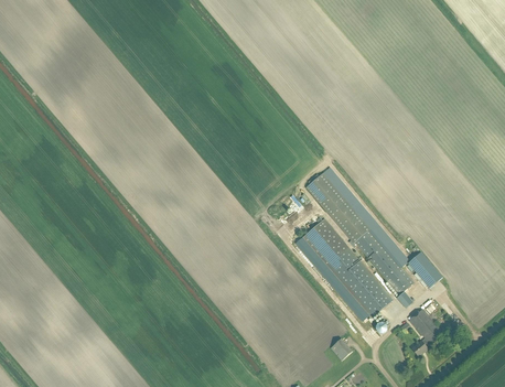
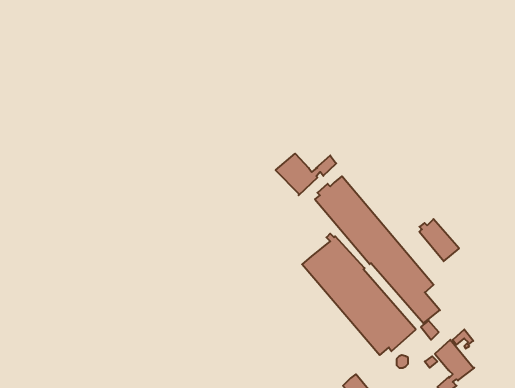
building: none -> [276,154,336,195]
building: [408,251,442,288] -> [419,219,459,261]

